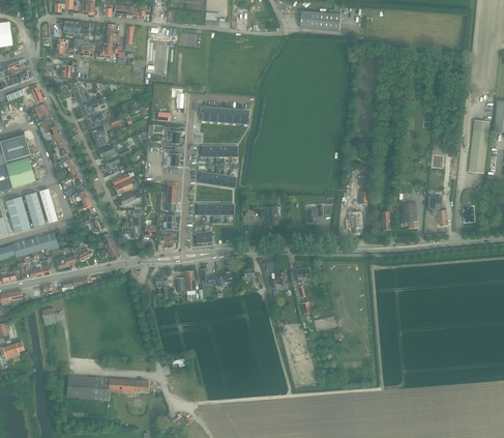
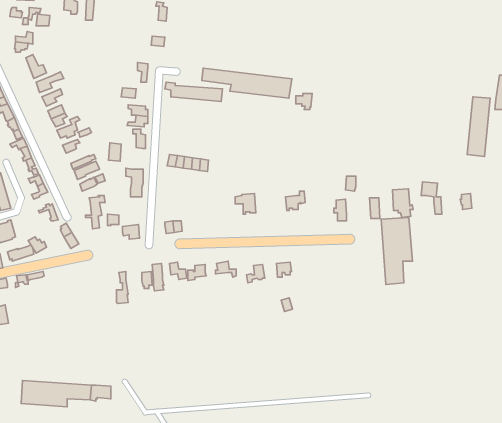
building: none -> [202,68,292,98]
building: none -> [381,218,412,284]

